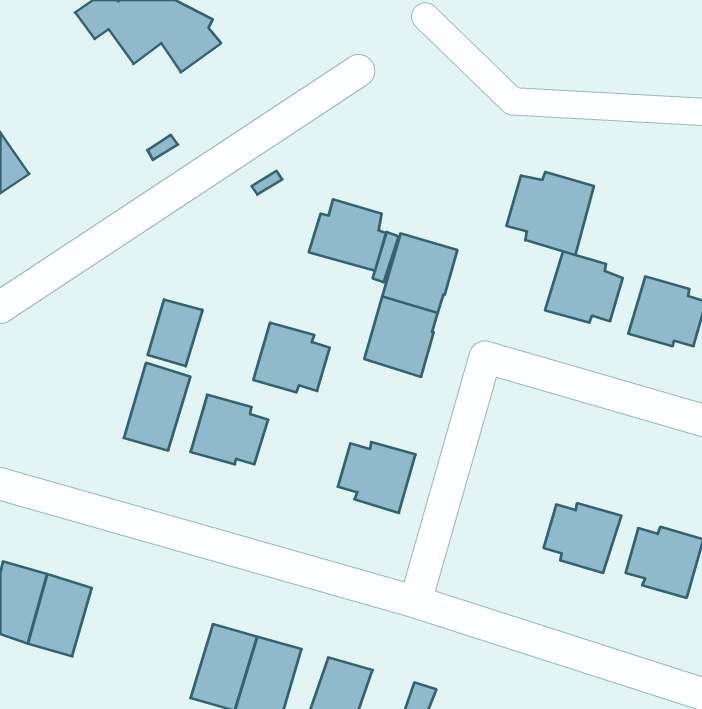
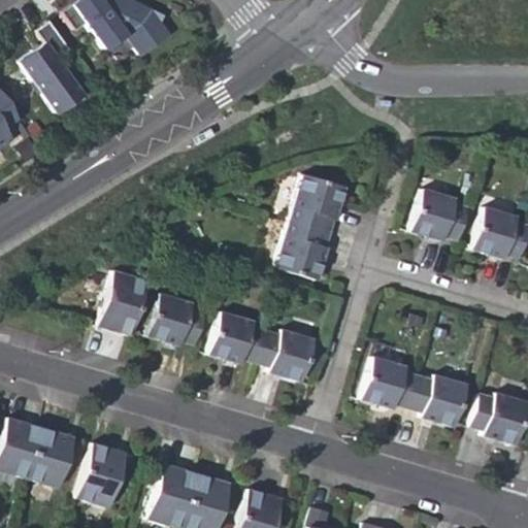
building: none -> [21,21,84,112]
building: [507,172,594,255] -> none
building: [309,199,386,271] -> none
building: [148,299,202,366] -> none
building: [253,323,330,392] -> [209,311,266,363]
building: none -> [361,356,419,408]
building: none -> [77,443,127,507]

